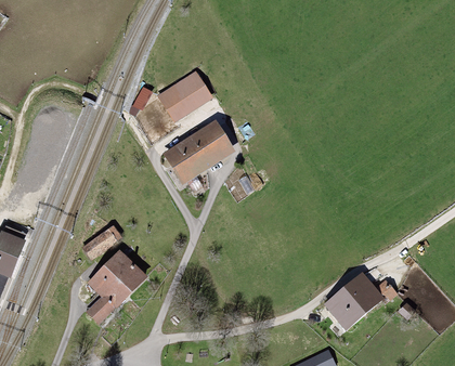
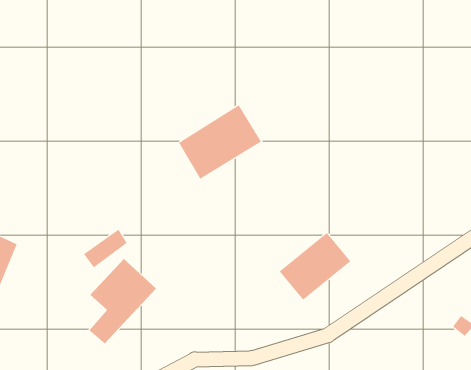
building: [157,74,210,119] -> none
building: [324,271,386,329] -> [279,232,351,300]

